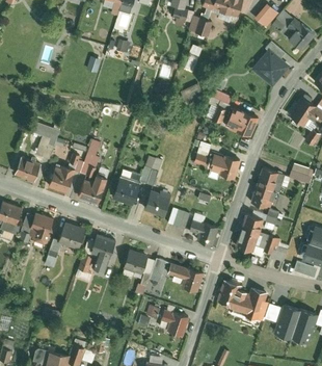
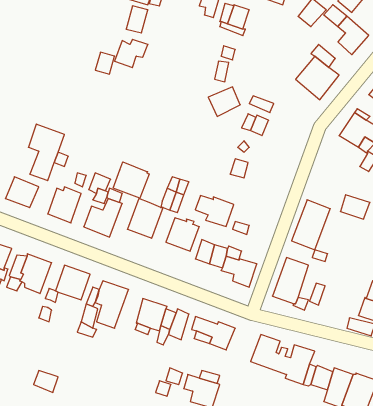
building: [229,105,258,132] -> none
building: none -> [113,162,149,198]
building: [211,151,242,176] -> [195,196,234,226]

